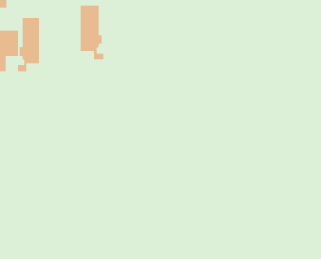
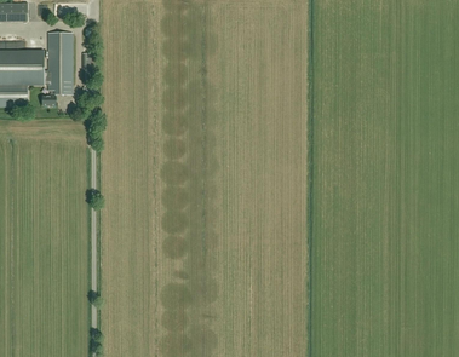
building: [80,5,104,60] -> none

